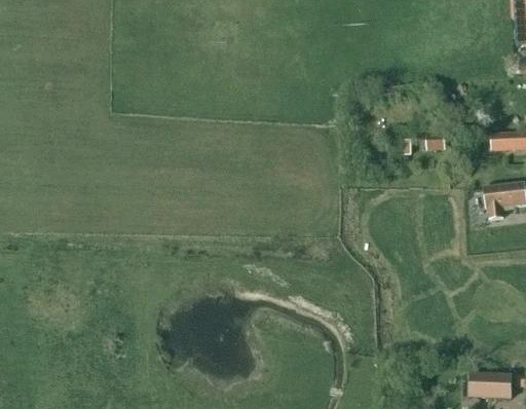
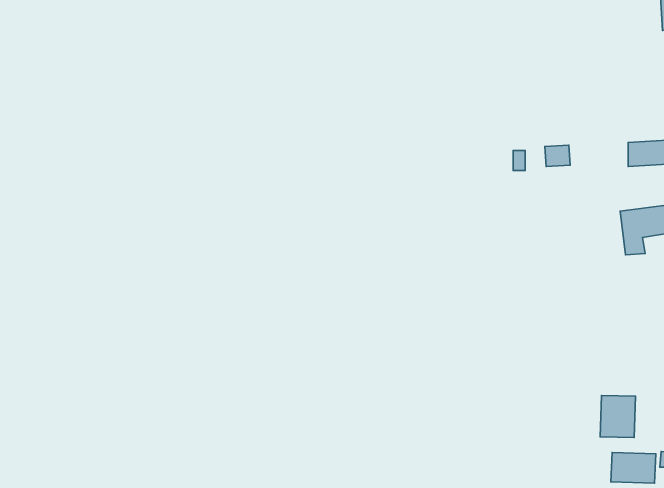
building: none -> [600,395,635,437]

